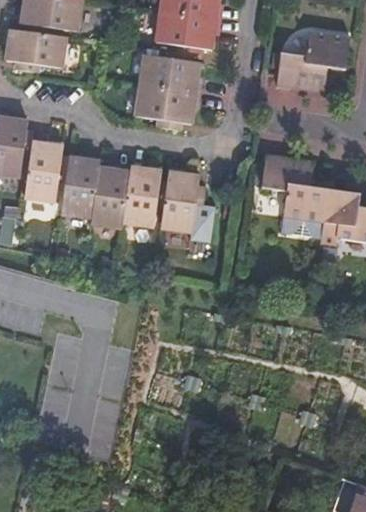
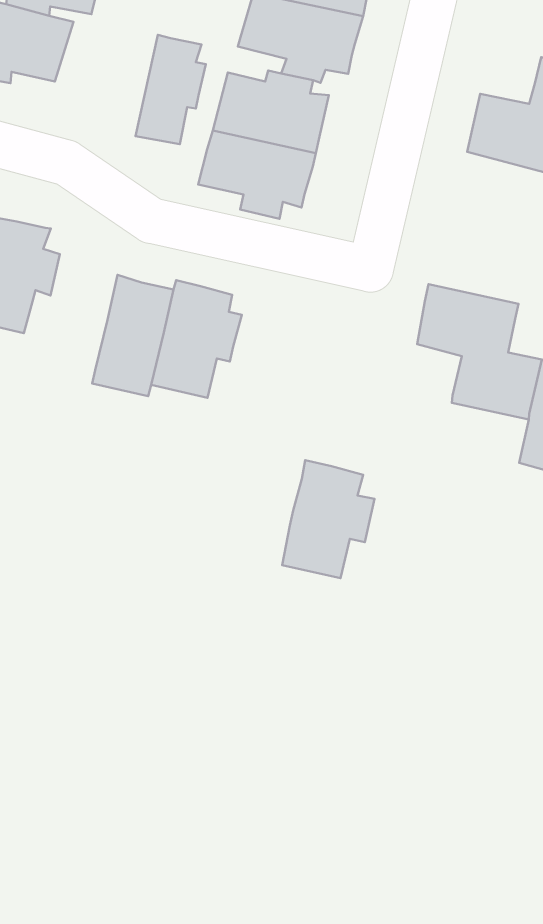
building: none -> [135,35,206,144]
building: [61,156,101,215] -> none
building: [161,169,206,229] -> [282,460,374,578]

